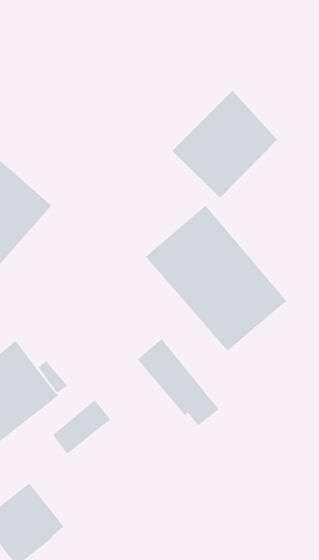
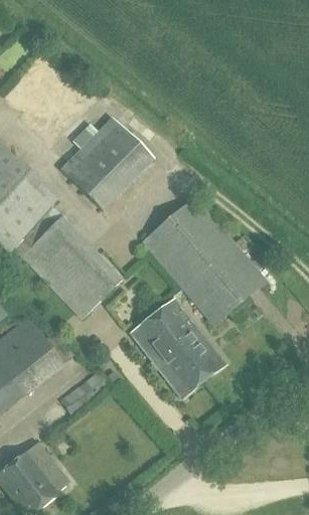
building: [172,90,278,198] -> [58,115,153,211]
building: none -> [21,215,122,318]
building: none -> [155,303,225,377]

